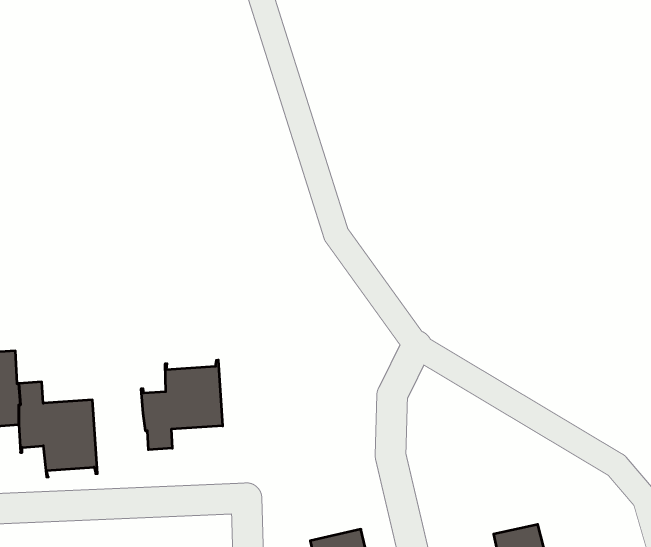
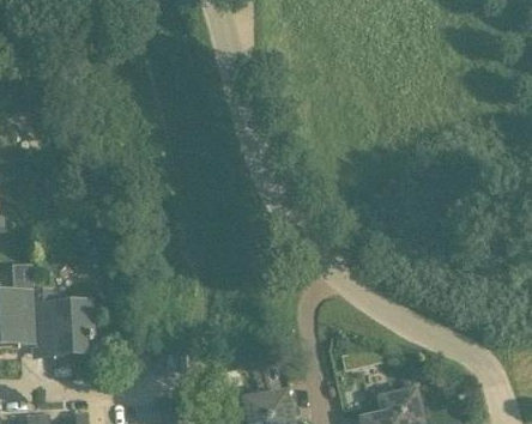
building: [141,360,223,450] -> none

